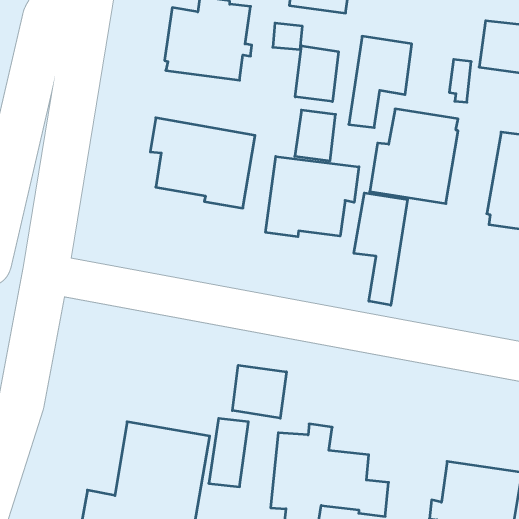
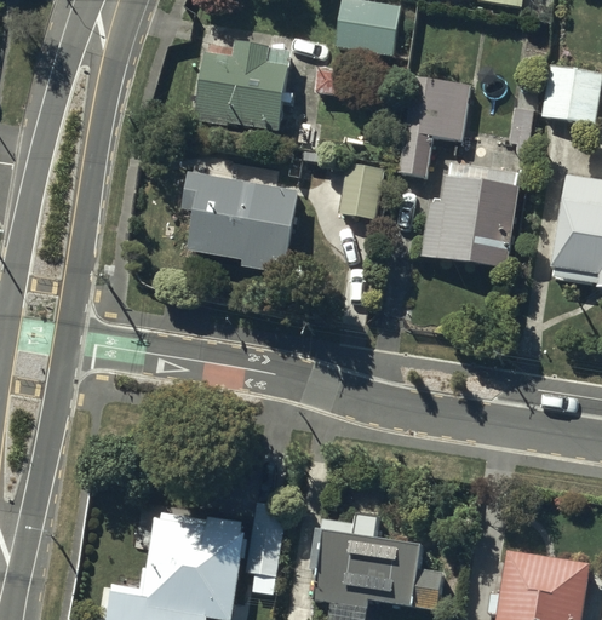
building: [295,46,338,102] -> none
building: [266,156,359,237] -> none
building: [354,193,408,305] -> none
building: [232,365,286,418] -> none

